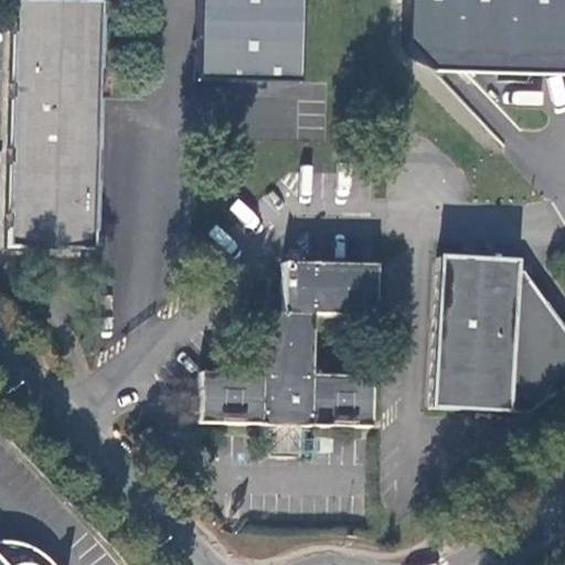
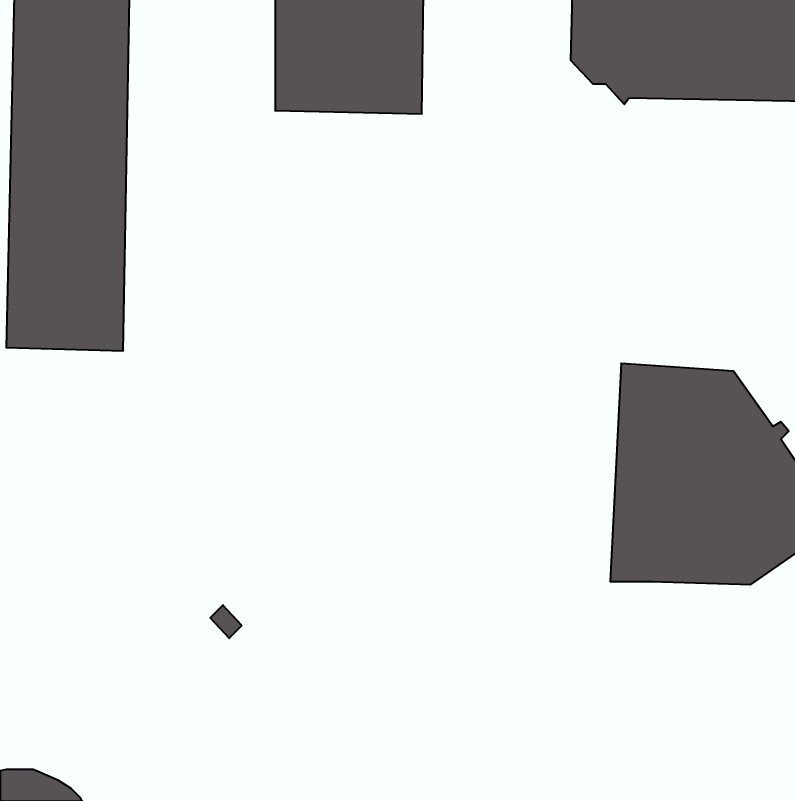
building: [204,259,373,423] -> none

